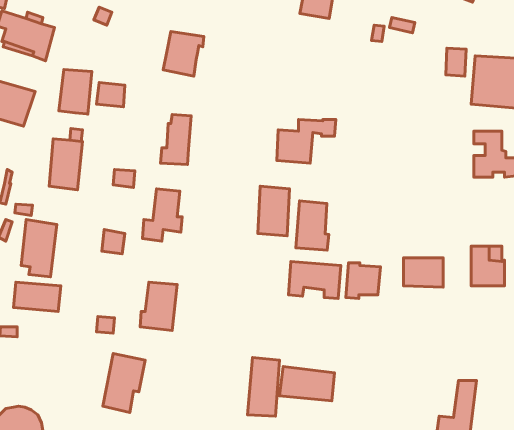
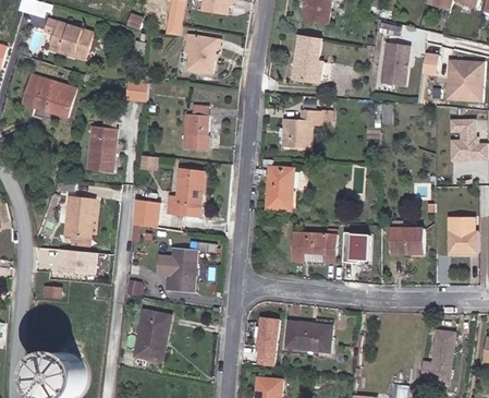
building: none -> [291,35,321,82]
building: none -> [381,43,408,85]
building: [59,69,92,114] -> none
building: [296,201,329,250] -> none

